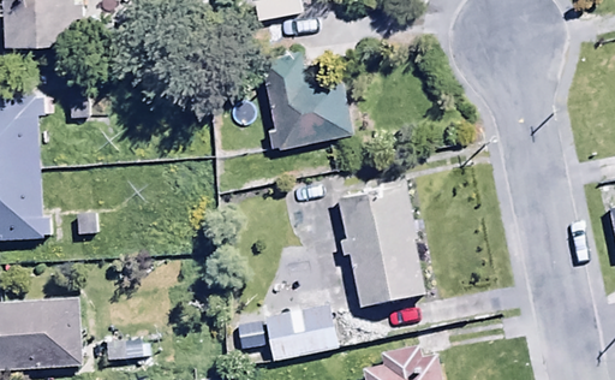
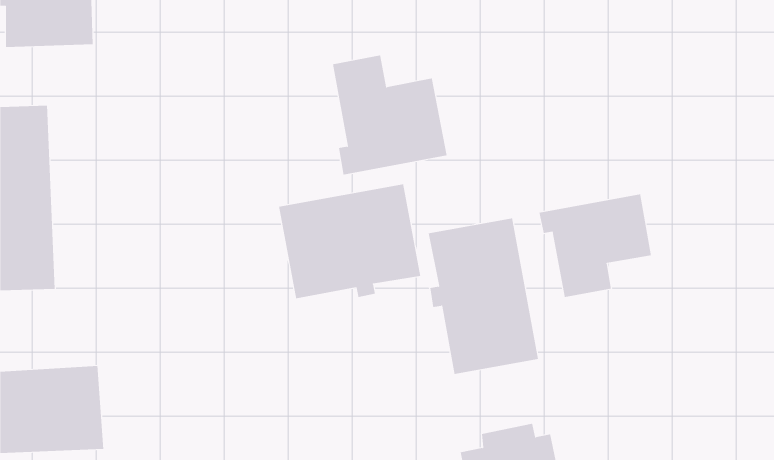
building: none -> [279,183,421,299]
building: none -> [539,194,651,298]
building: [264,307,336,361] -> none

